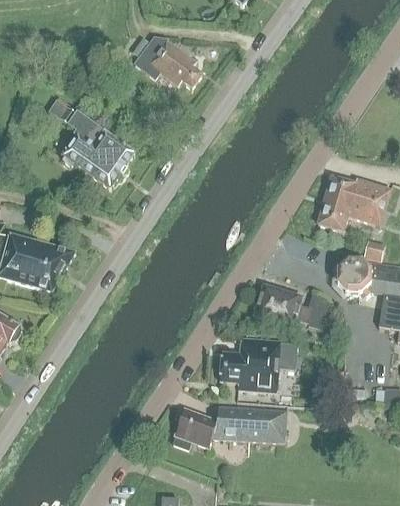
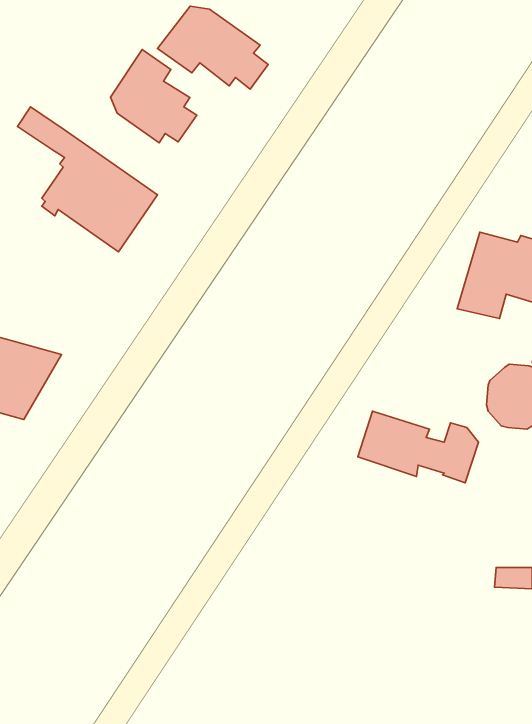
building: none -> [110,49,197,143]
building: [220,337,298,389] -> none
building: [173,405,287,447] -> none

